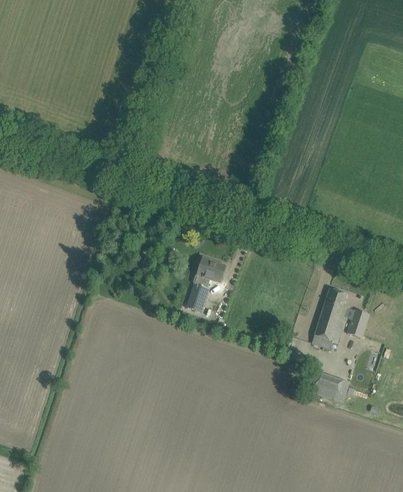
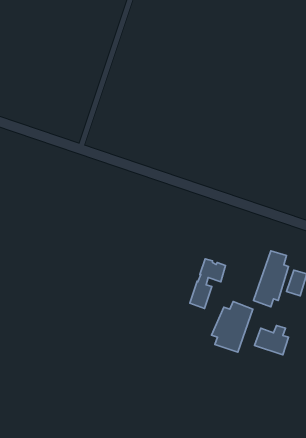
building: [186,257,225,311] -> [190,259,226,309]
building: none -> [211,301,253,352]

